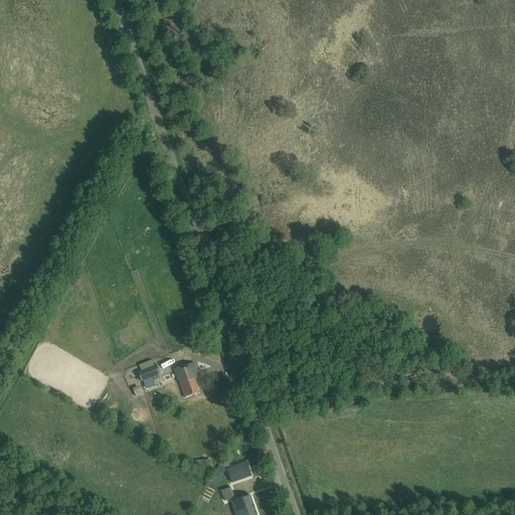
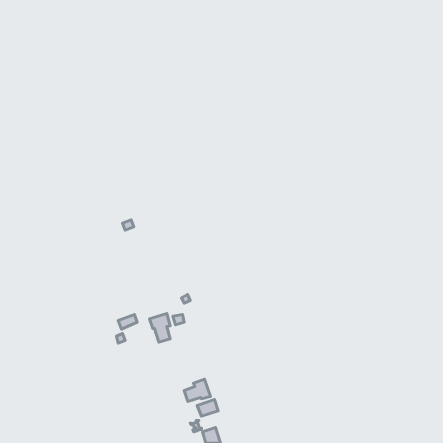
building: none -> [184,379,210,402]

